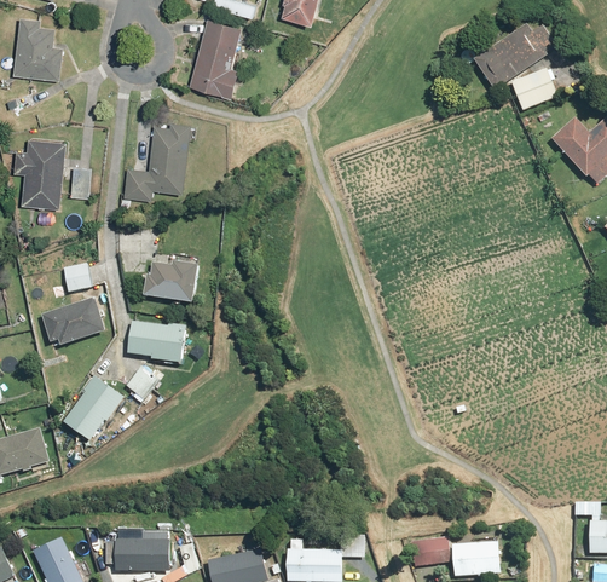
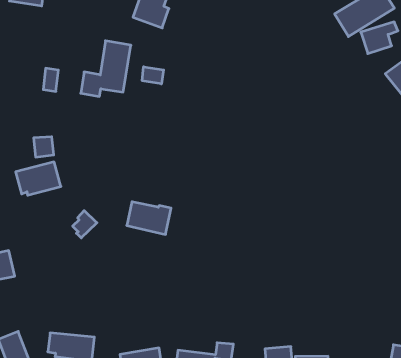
building: [13,138,63,206] -> none
building: none -> [142,67,164,84]
building: [143,254,198,304] -> none
building: [125,319,185,362] -> [127,202,171,234]
building: [62,375,126,440] -> none

